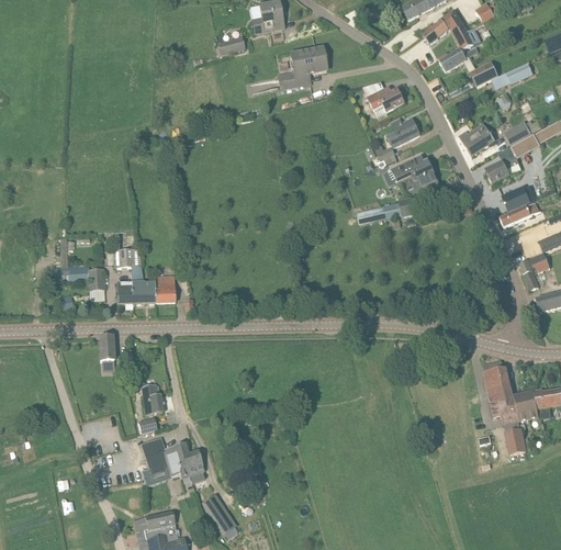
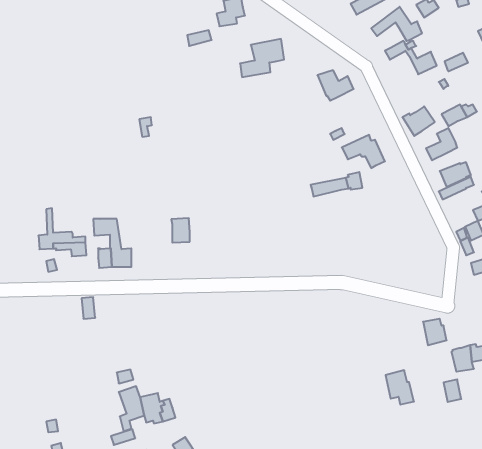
building: [388,119,419,147] -> none
building: [154,276,175,303] -> [171,218,190,243]
building: [141,384,162,415] -> none
building: [487,385,519,424] -> [386,370,414,405]

